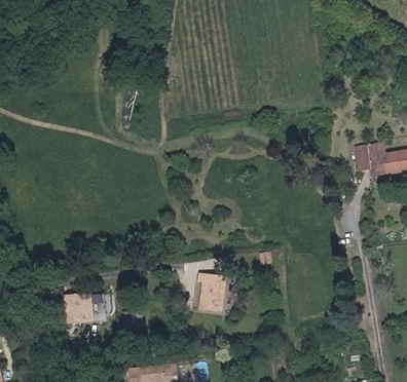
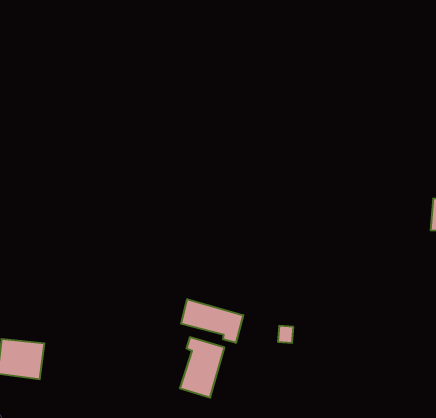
building: none -> [181,299,243,343]

